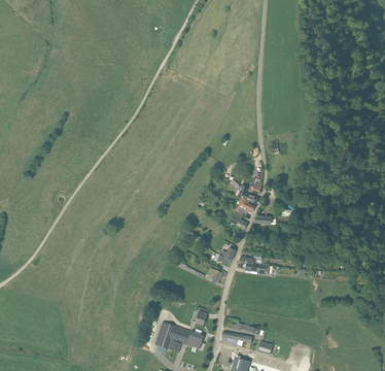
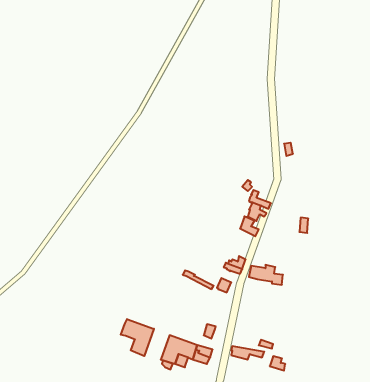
building: none -> [121,319,154,356]

